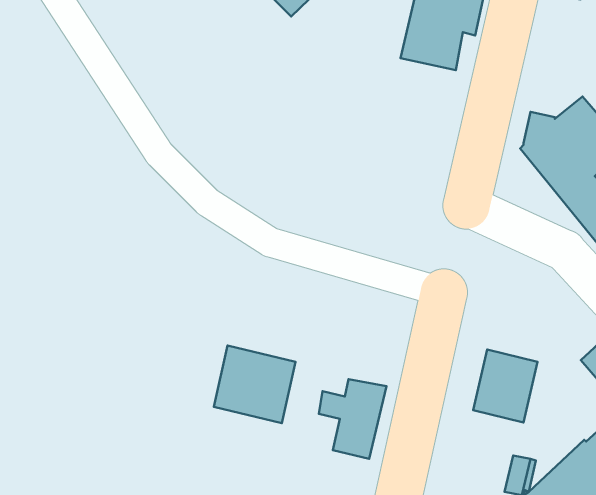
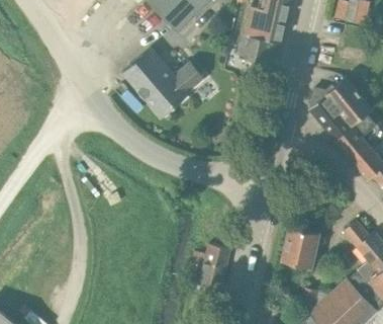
building: none -> [121,48,203,116]
building: [214,346,296,423] -> none

